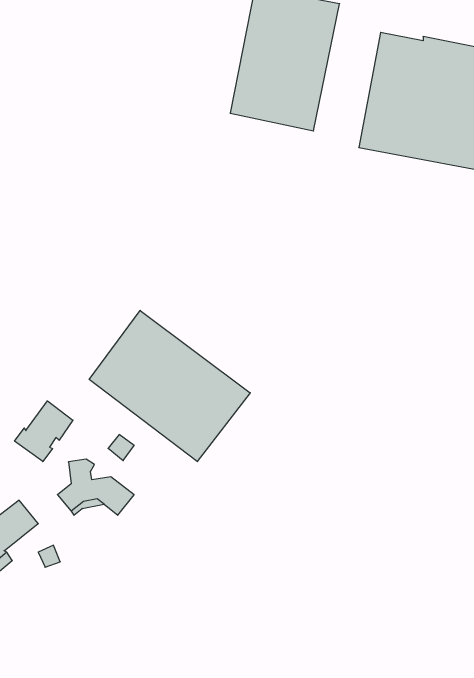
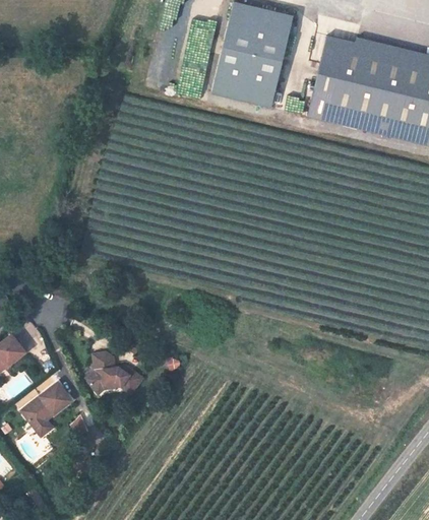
building: [89,310,250,462] -> none
building: [15,401,73,462] -> none

